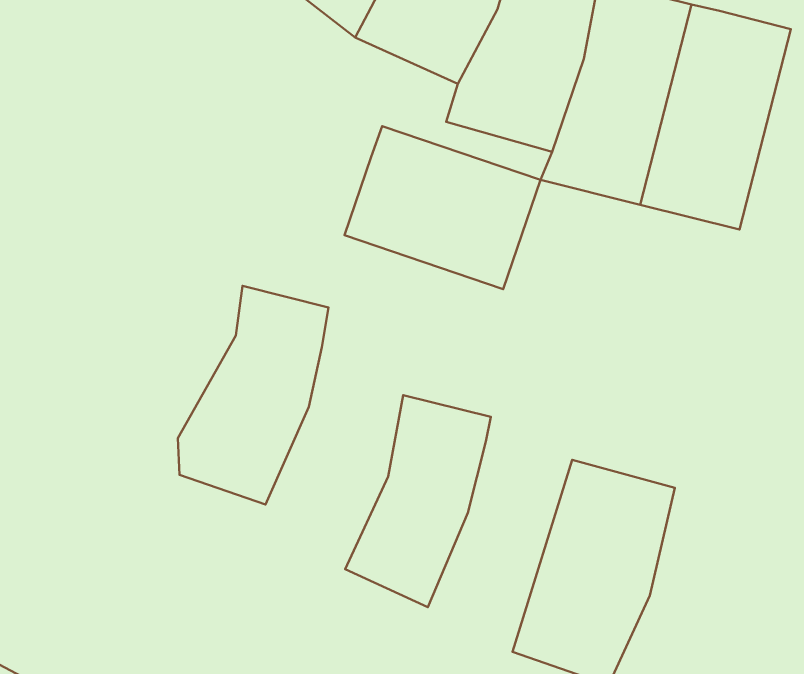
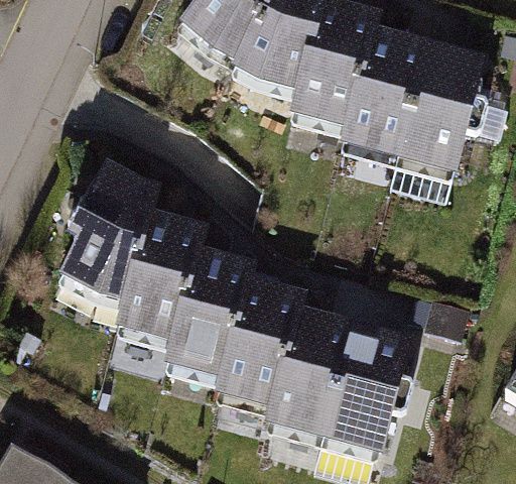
building: [345,126,541,289] -> none
building: none -> [54,167,161,313]
building: none -> [164,257,257,392]
building: none -> [268,315,358,443]

